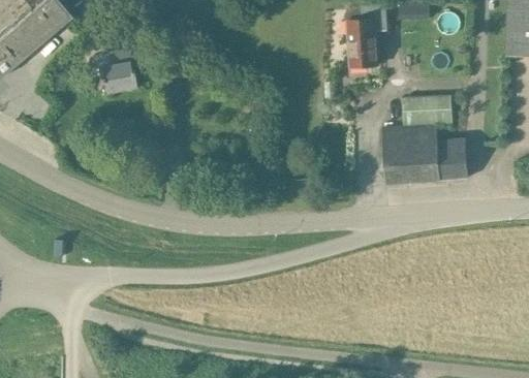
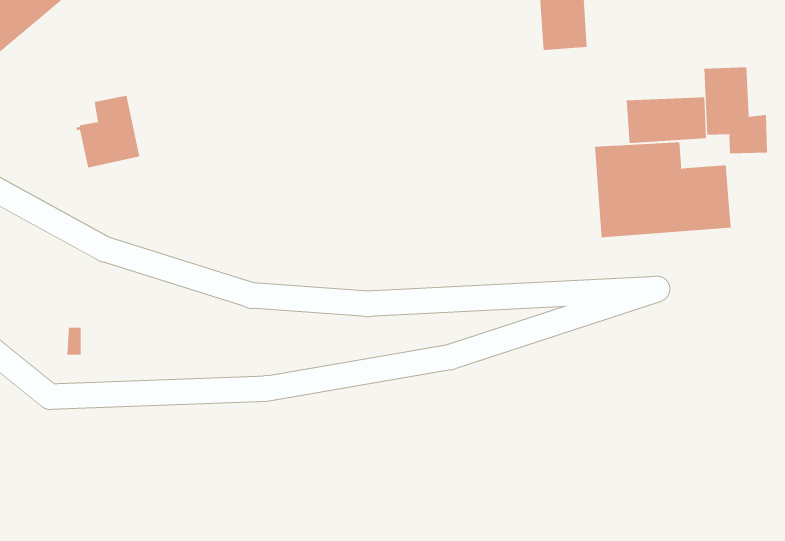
building: [96,49,136,94] -> [76,95,140,168]
building: none -> [704,67,768,154]

